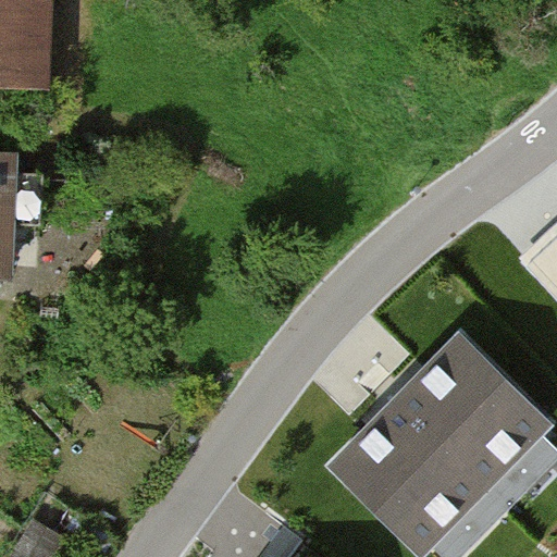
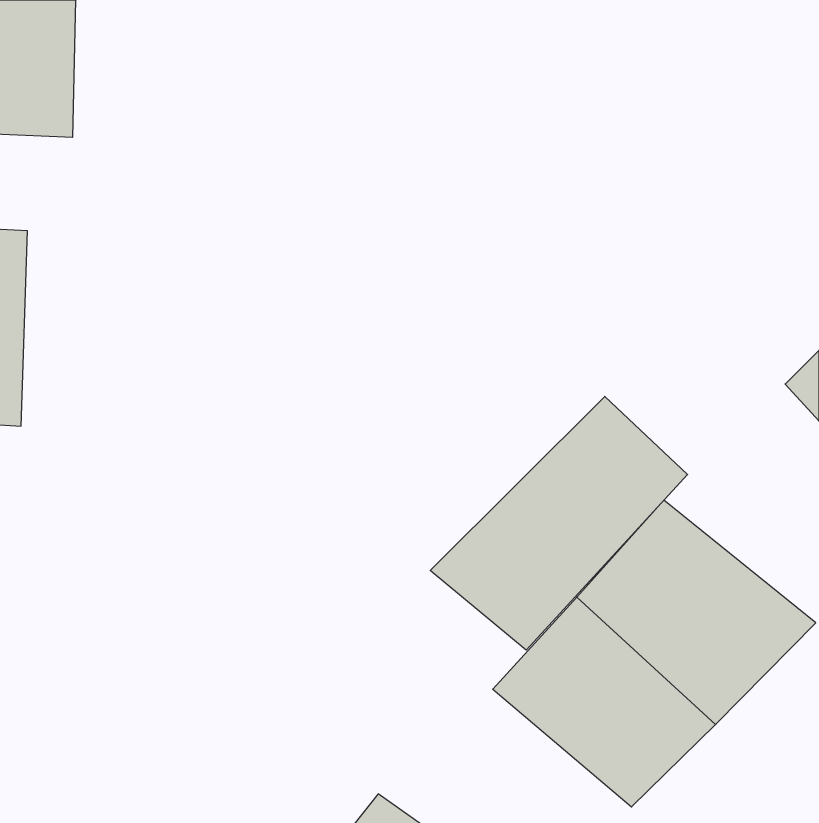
building: none -> [430,396,688,650]

